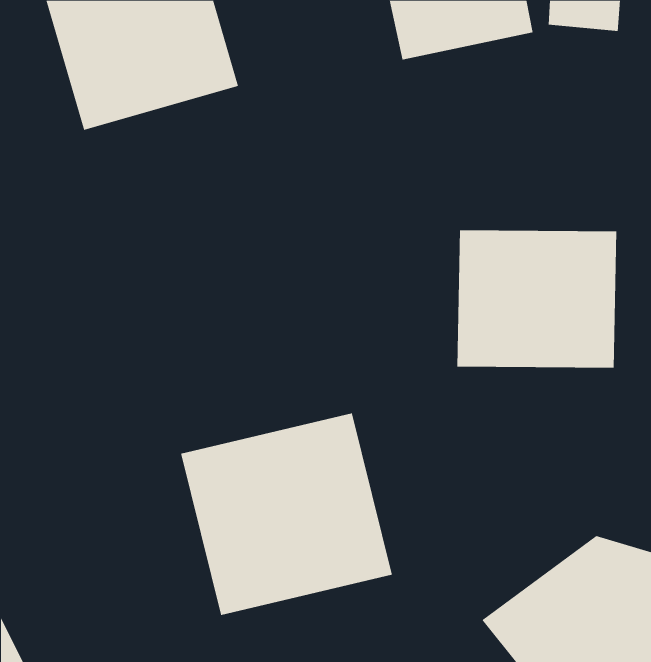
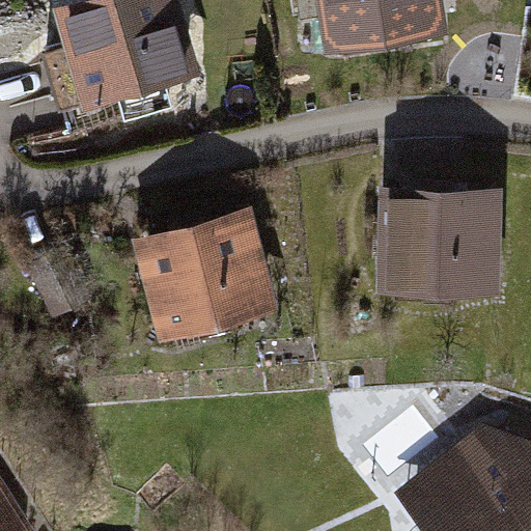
building: none -> [131,212,276,341]
building: [181,412,392,616] -> none

